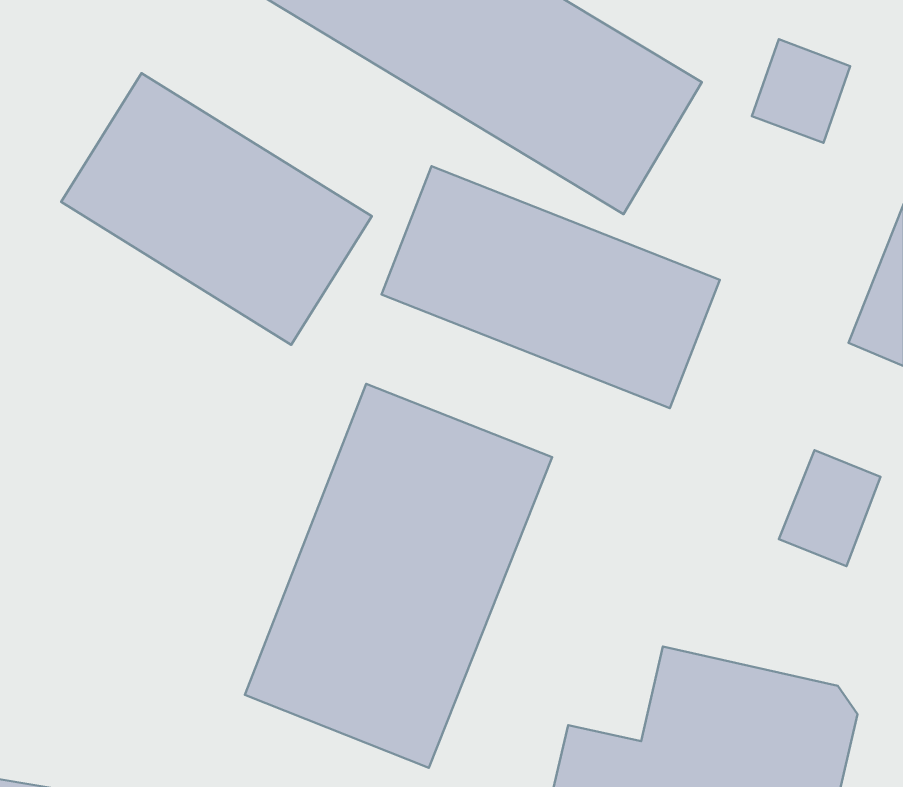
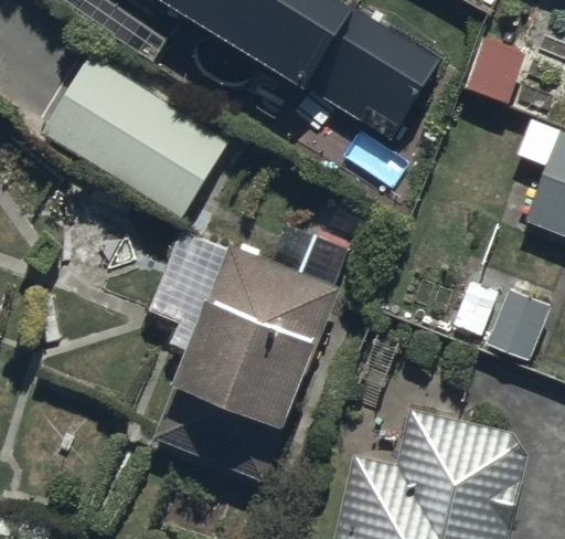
building: [382,166,720,408] -> none

